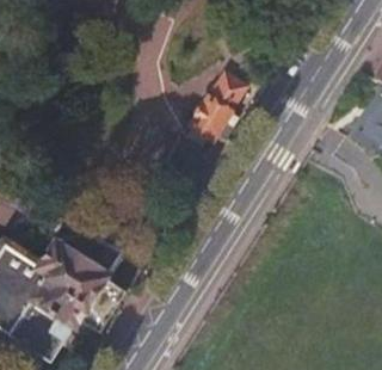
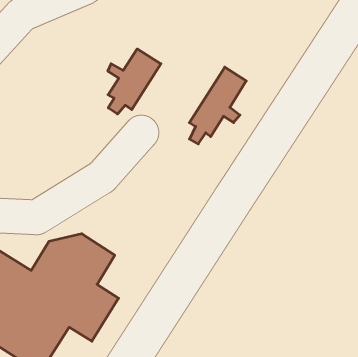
building: none -> [108,49,161,114]

